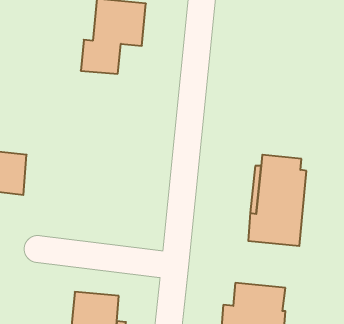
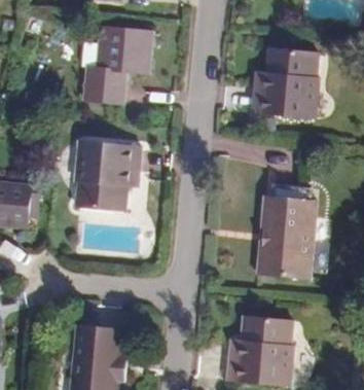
building: none -> [253,47,322,117]
building: none -> [73,141,140,210]

